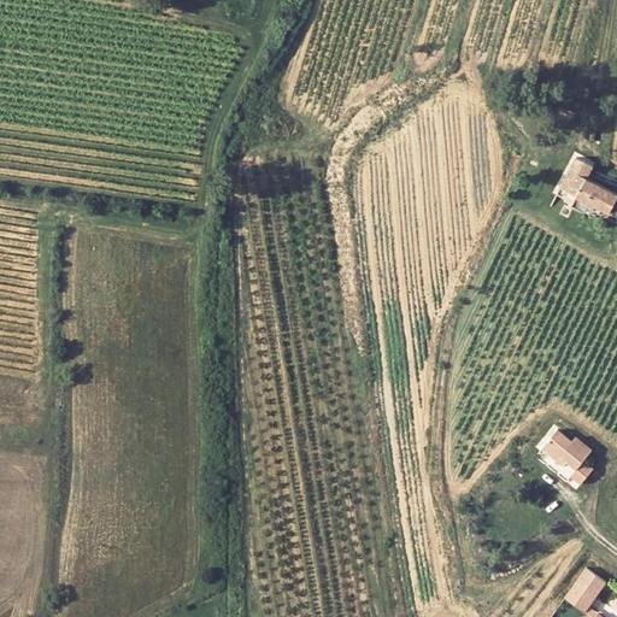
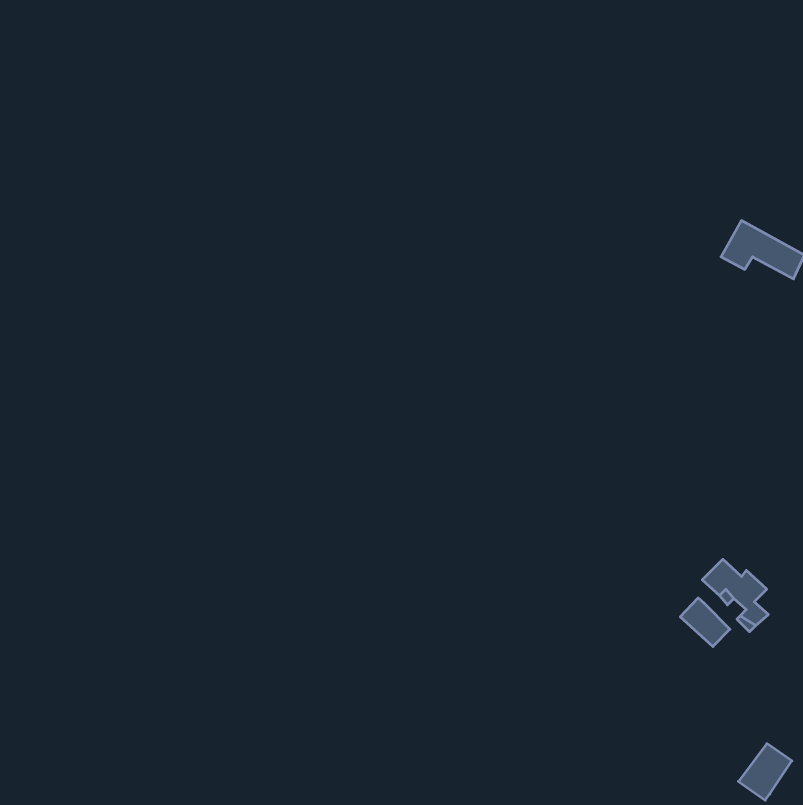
building: none -> [680,598,730,647]

